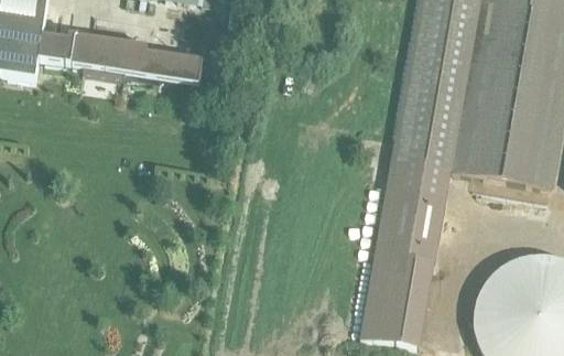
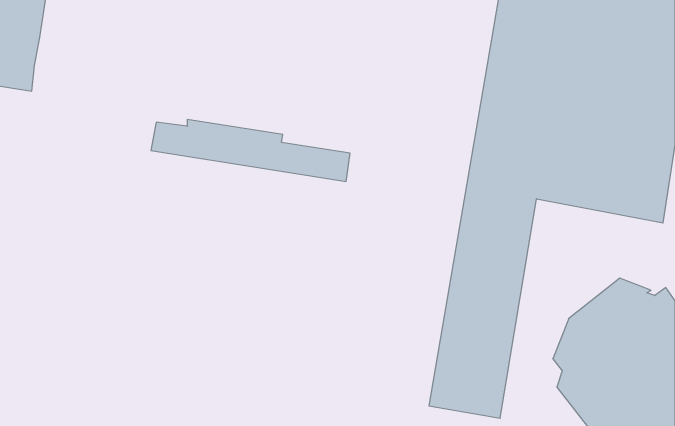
building: [39,34,202,85] -> [151,120,350,181]

